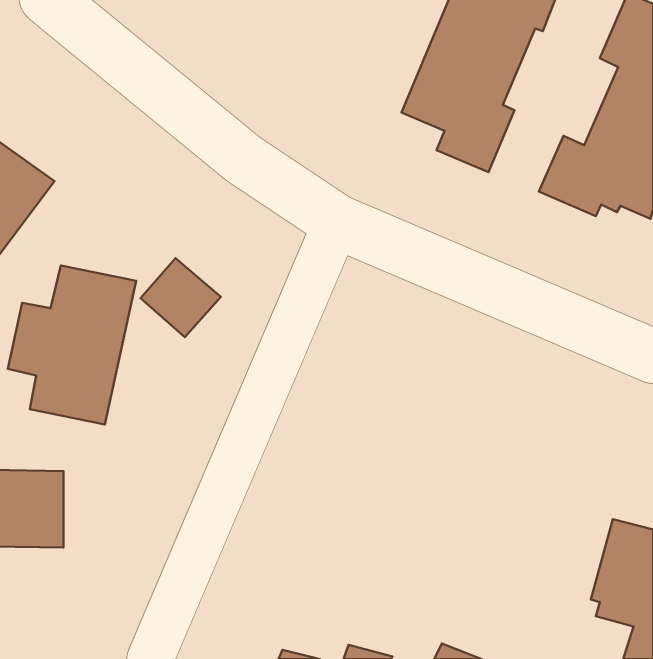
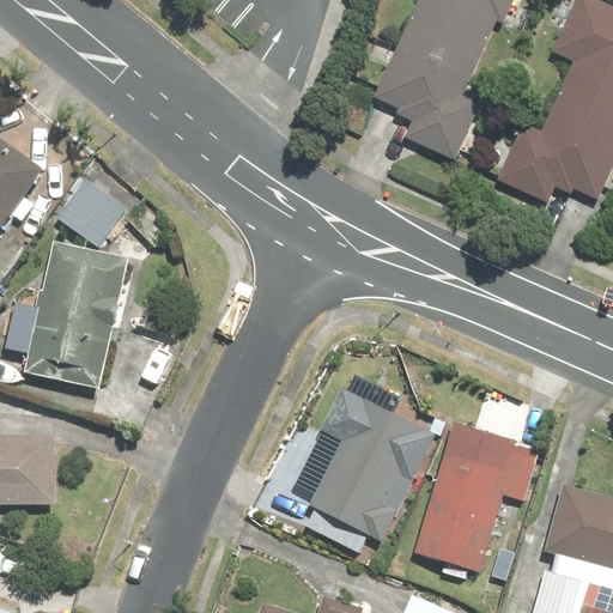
building: [141,258,221,337] -> [55,175,129,248]
building: none -> [304,384,437,552]
building: none -> [414,419,536,571]

